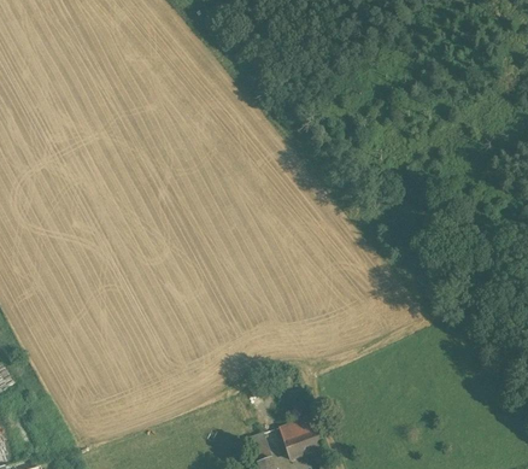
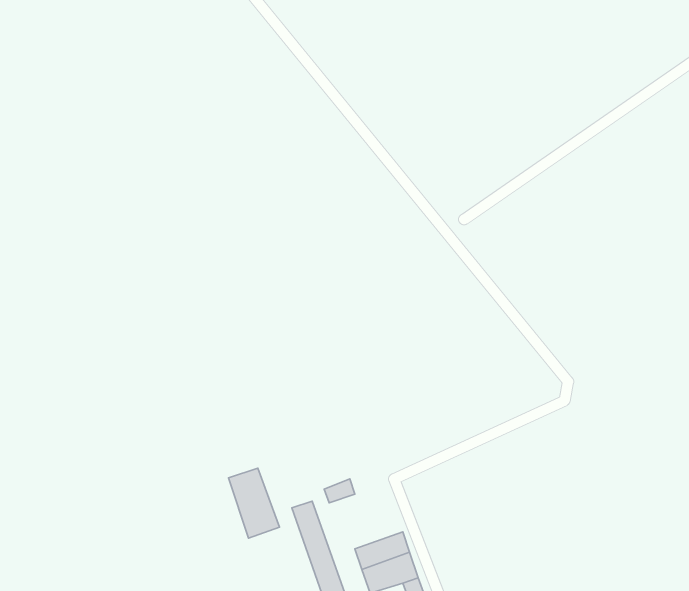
building: none -> [229,468,279,538]

